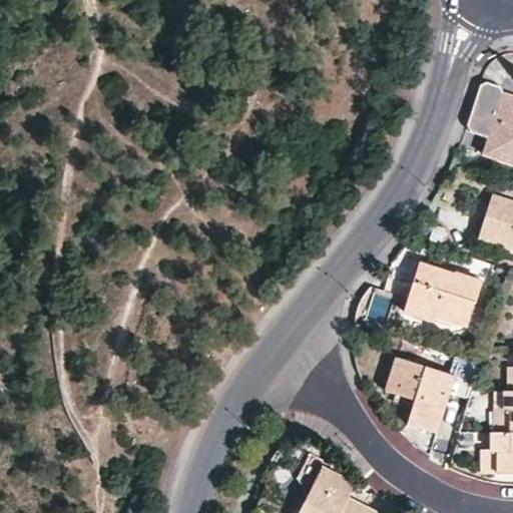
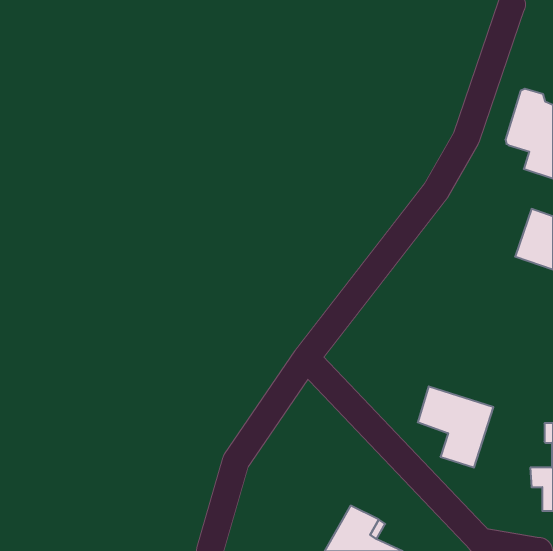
building: [405,263,482,331] -> none

